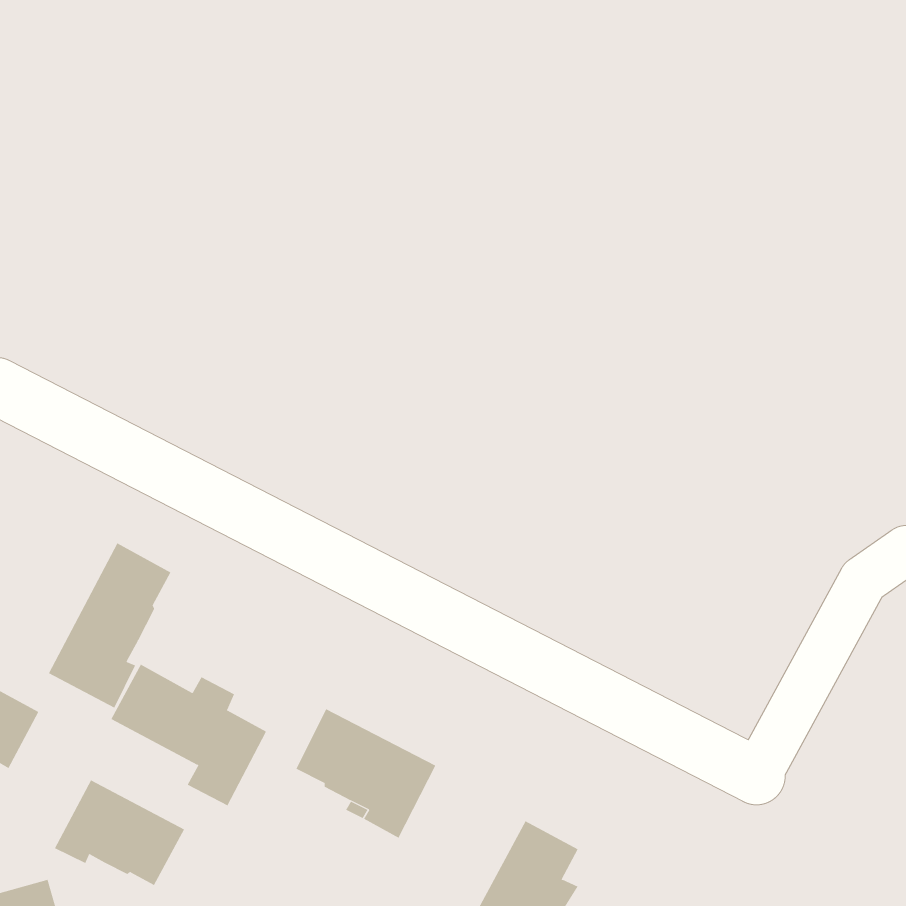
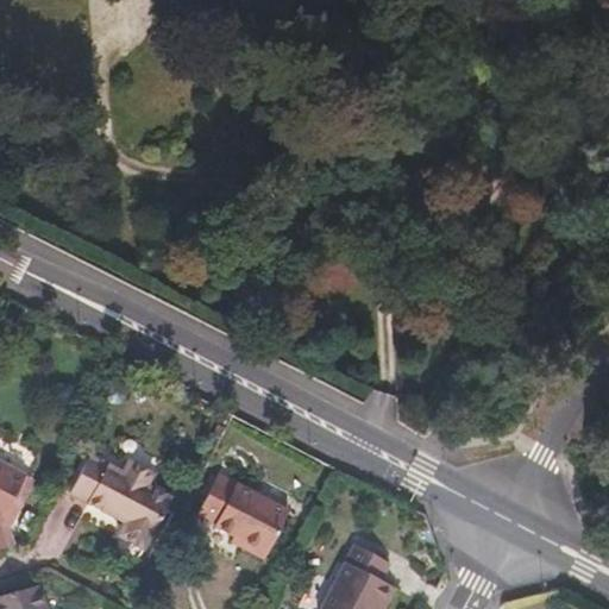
building: [48,543,171,709] -> none
building: [54,780,185,886] -> none

